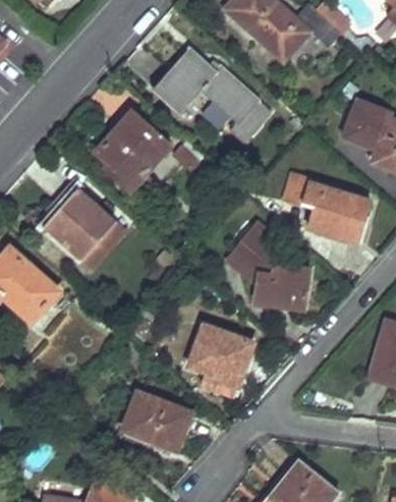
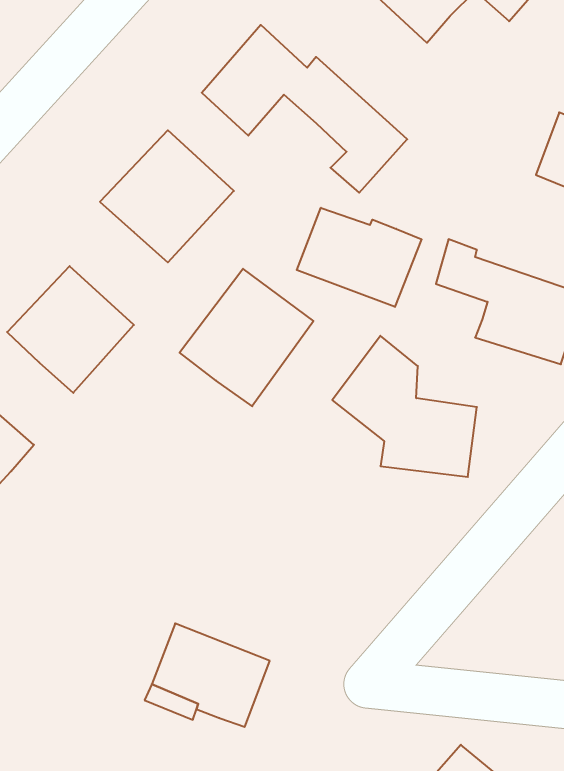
building: none -> [297,208,422,307]
building: none -> [180,269,313,406]
building: [188,324,254,383] -> none

